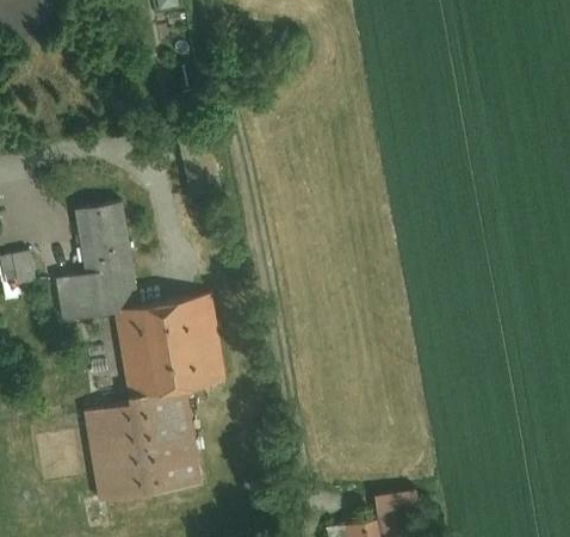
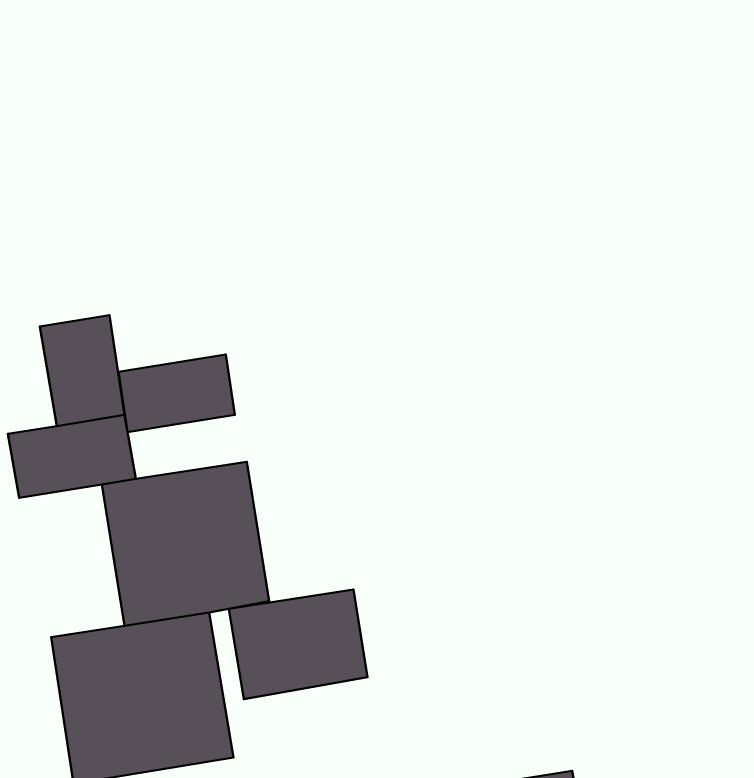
building: none -> [119,355,235,432]
building: none -> [229,589,367,699]

